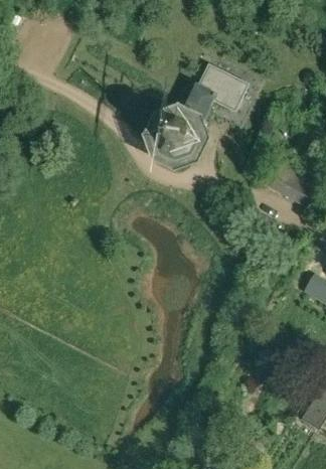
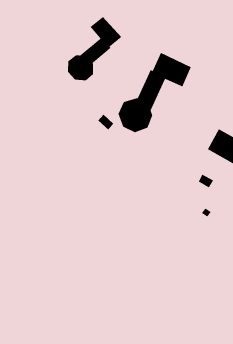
building: none -> [67,16,122,81]

